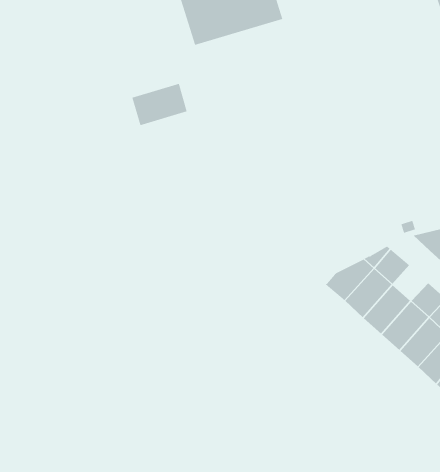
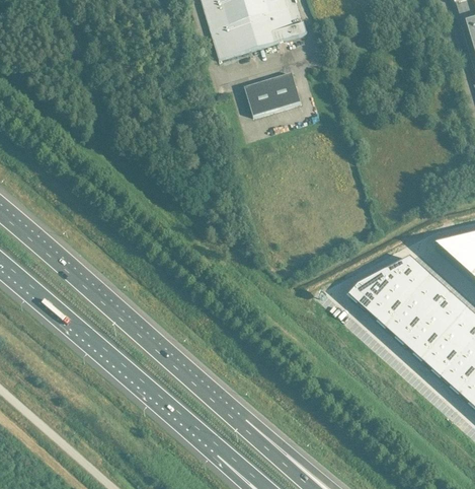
building: [132,83,188,126] -> [246,71,302,114]
building: none -> [416,275,452,310]

